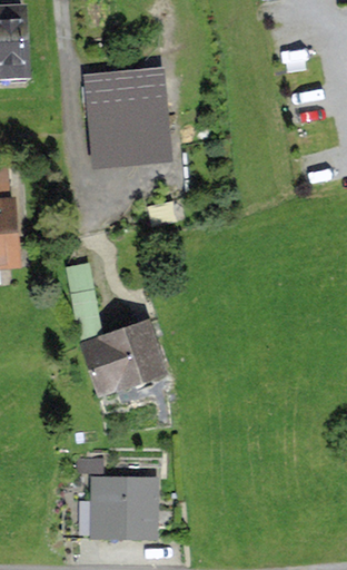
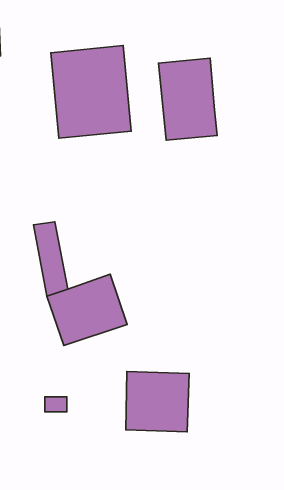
building: none -> [159,58,217,140]
building: [89,476,159,543] -> [126,371,189,432]

